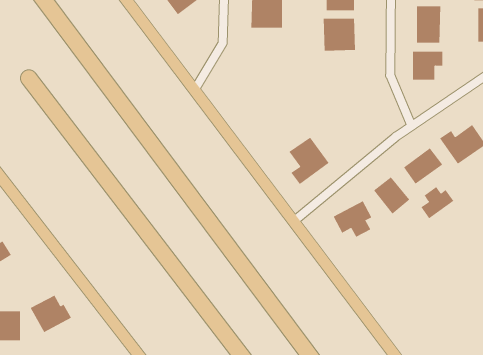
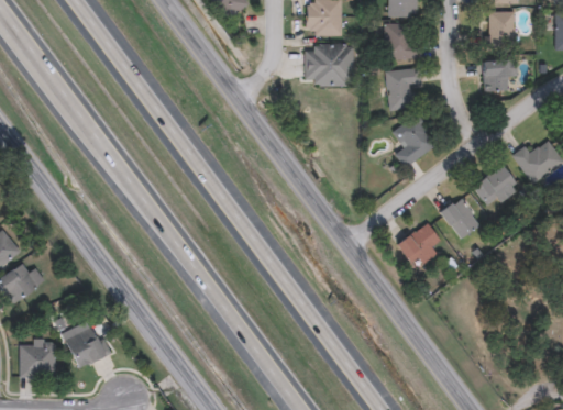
building: none -> [306,43,354,84]
building: none -> [386,68,421,109]
building: [288,137,329,185] -> [393,114,438,167]
building: [421,186,454,219] -> none

